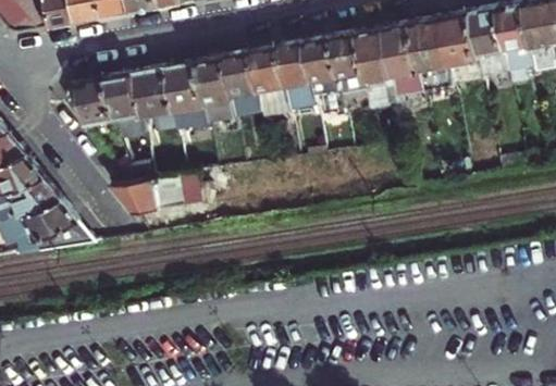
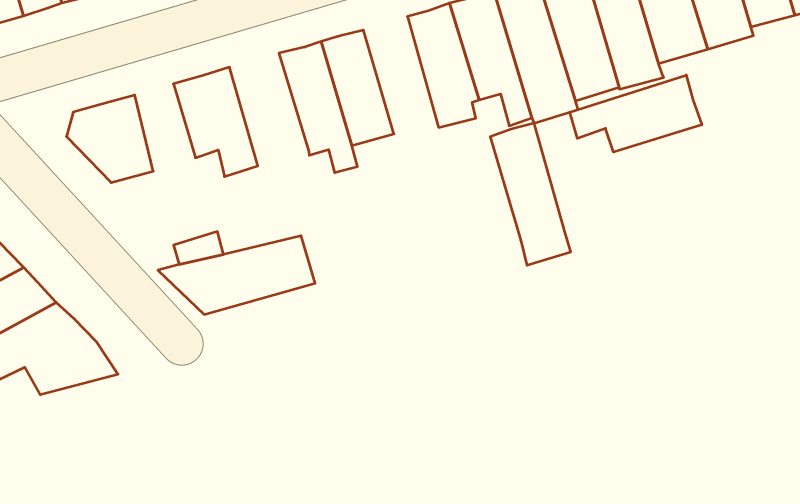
building: [249,46,291,130] -> [490,123,571,265]
building: [166,60,210,132] -> none
building: [108,72,144,140] -> none
building: none -> [570,75,702,152]

